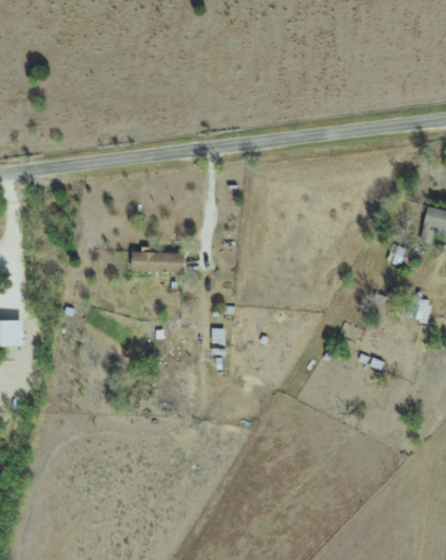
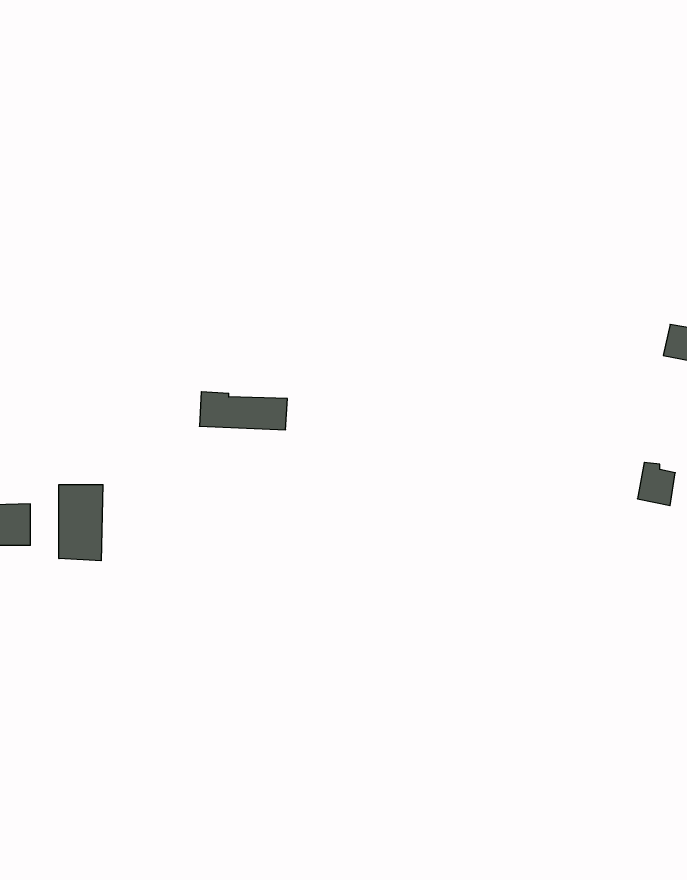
building: none -> [59,485,103,561]

